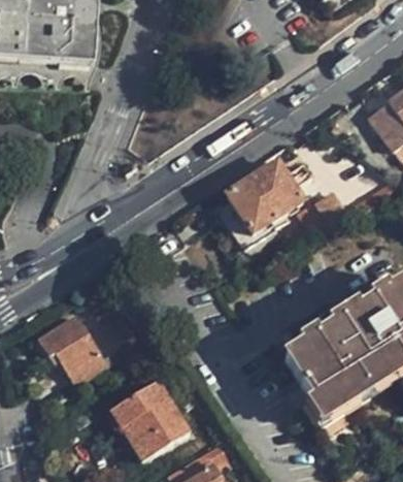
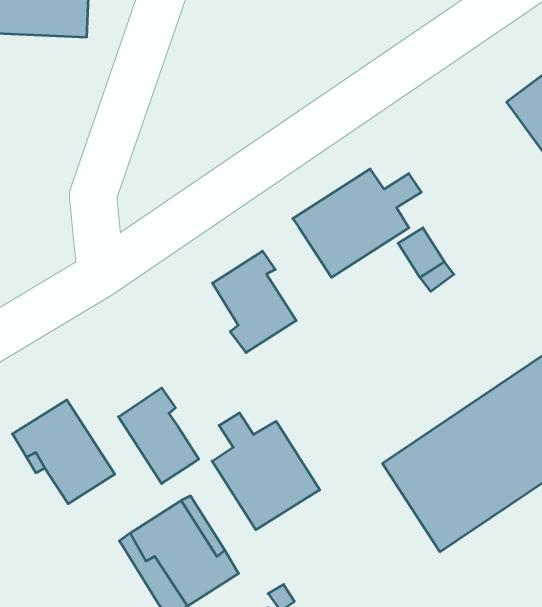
building: none -> [212,251,296,353]
building: none -> [118,388,199,484]
building: none -> [212,413,320,530]

